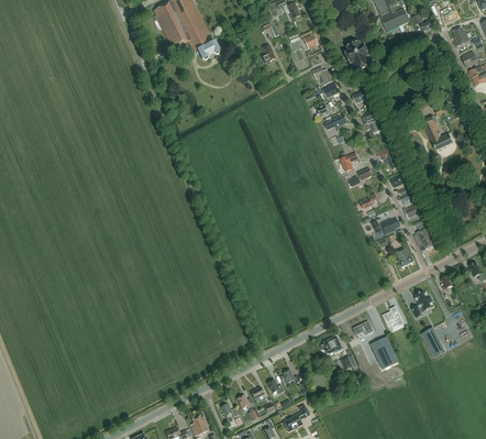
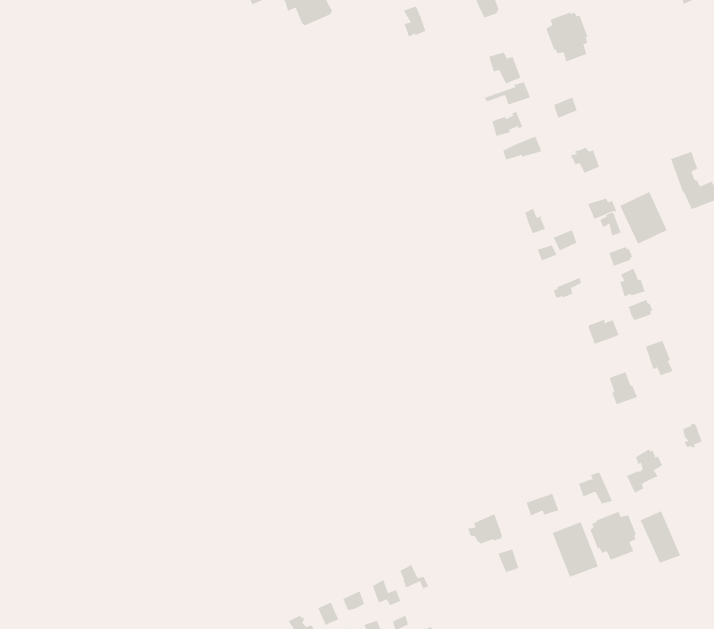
building: none -> [620,191,668,245]
building: none -> [590,511,636,561]

